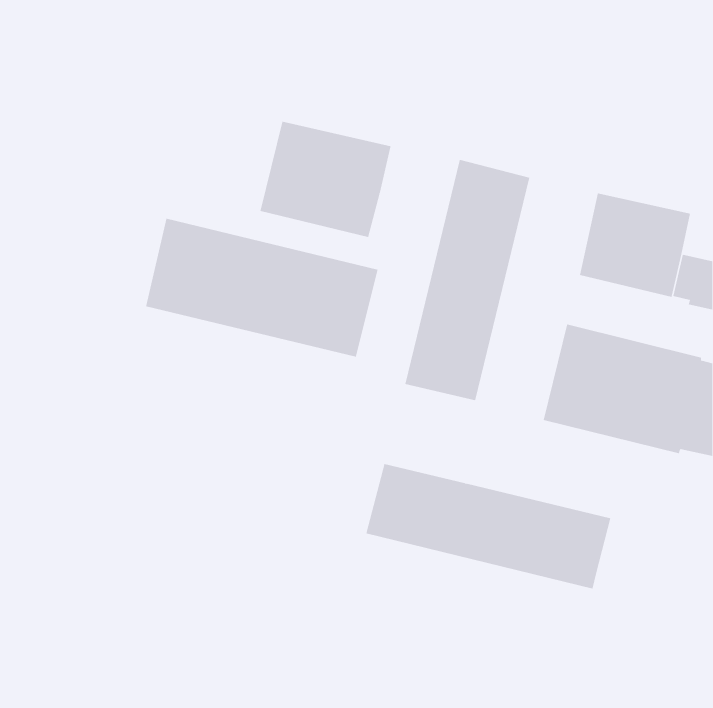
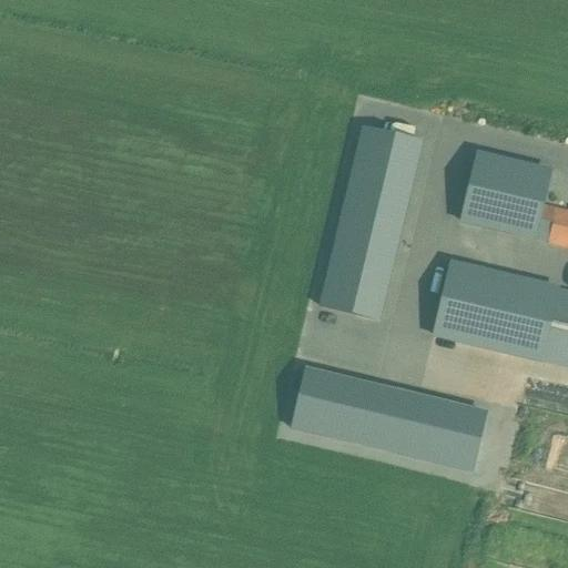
building: [260,121,392,238] -> none
building: [145,218,378,357] -> none

